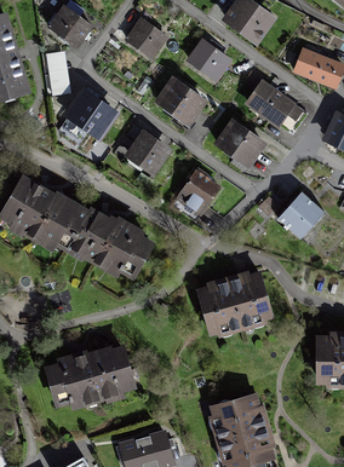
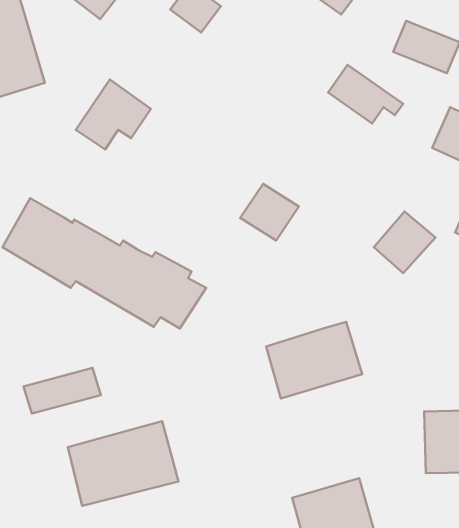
building: [185,39,229,81] -> none
building: [47,47,68,91] -> none
building: [156,79,203,125] -> none
building: [217,121,263,165] -> none
building: [124,131,168,172] -> none
building: none -> [23,368,101,414]

